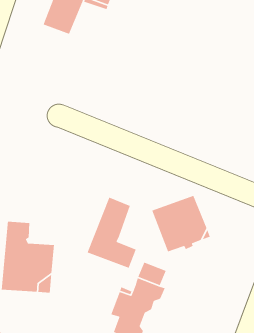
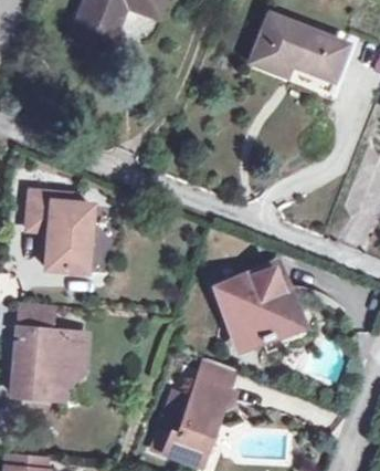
building: none -> [250,13,346,81]
building: none -> [27,190,92,270]
building: [87,196,137,269] -> none

